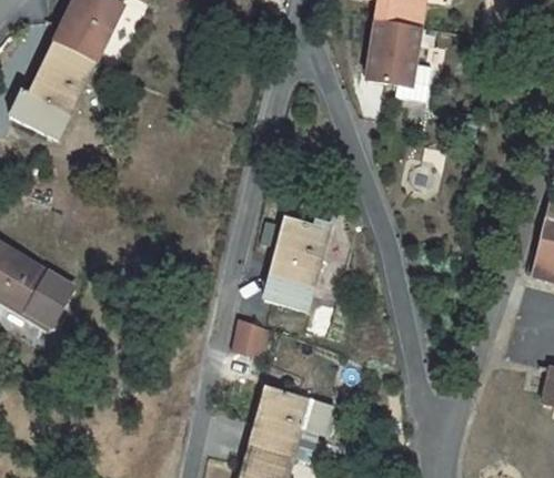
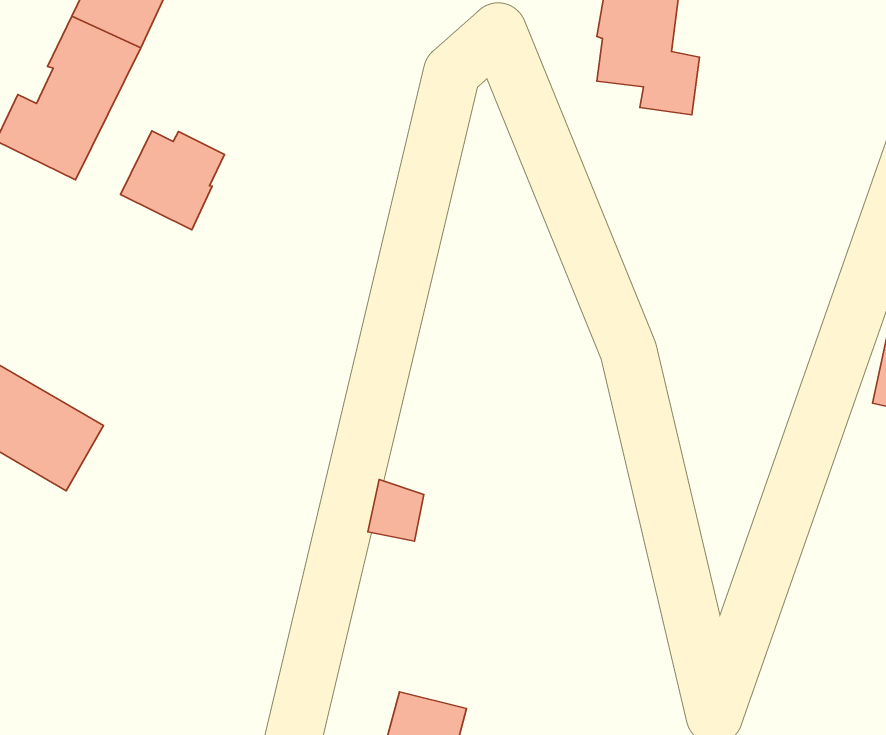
building: none -> [121,131,225,230]
building: [264,216,331,309] -> none
building: [251,387,332,461] -> none

